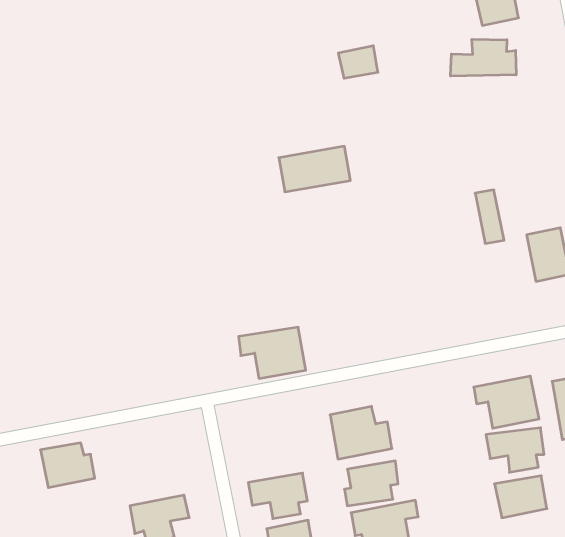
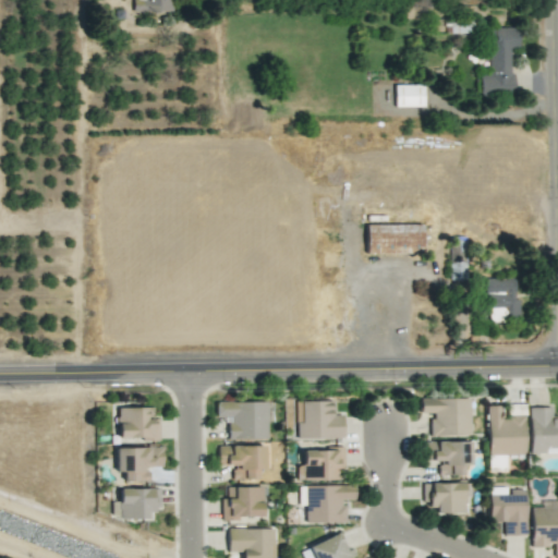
building: [451,39,516,76] -> none
building: [338,46,378,78] -> [398,84,428,107]
building: [279,146,350,192] -> [369,225,426,254]
building: [239,327,306,378] -> [219,401,271,439]
building: [40,443,95,488] -> [121,408,162,440]

